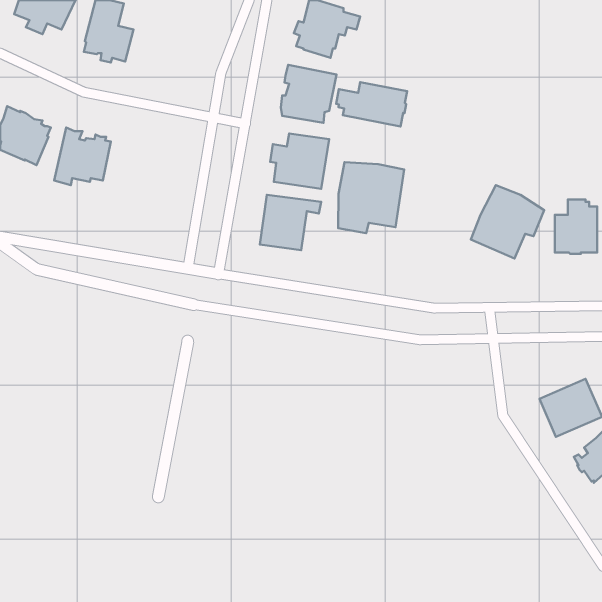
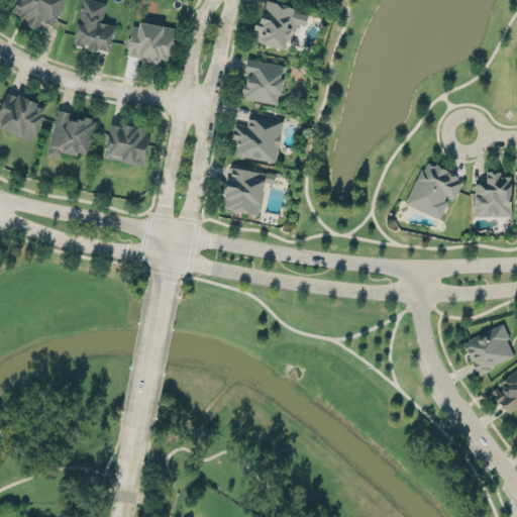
building: none -> [127,22,174,65]
building: [336,82,407,126] -> none
building: none -> [104,123,150,167]
building: [338,162,404,233] -> none

